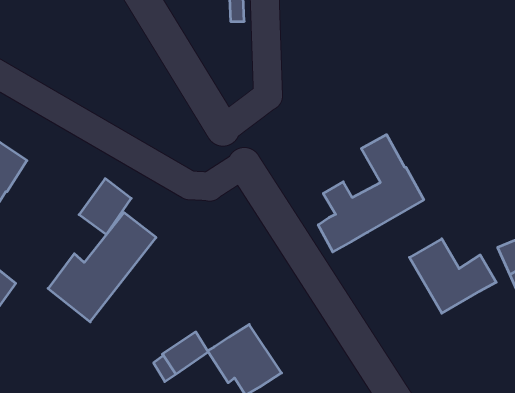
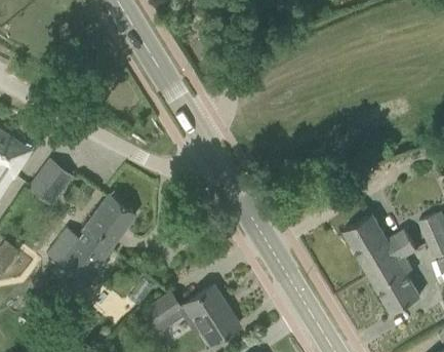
building: [318,135,424,252] -> none
building: [79,179,131,234] -> [29,158,72,204]
building: none -> [372,258,420,312]

